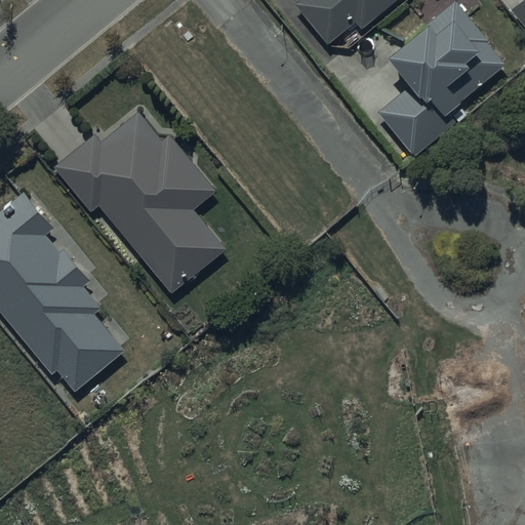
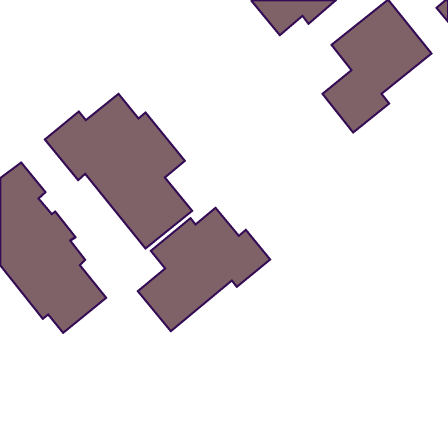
building: none -> [138,208,270,331]

